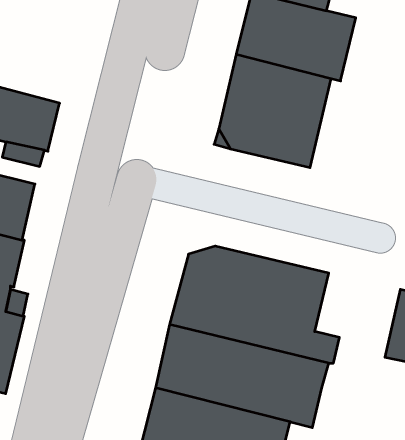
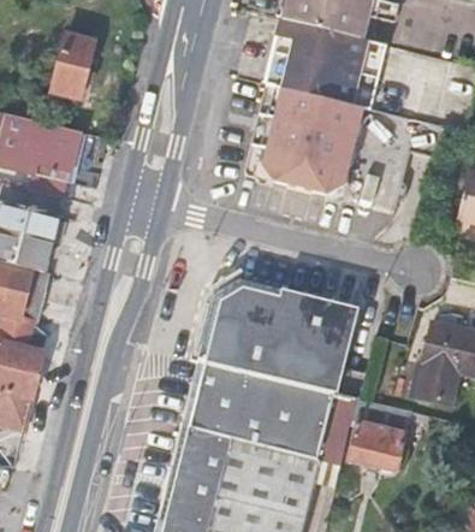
building: none -> [52,34,96,99]
building: none -> [350,400,411,472]

